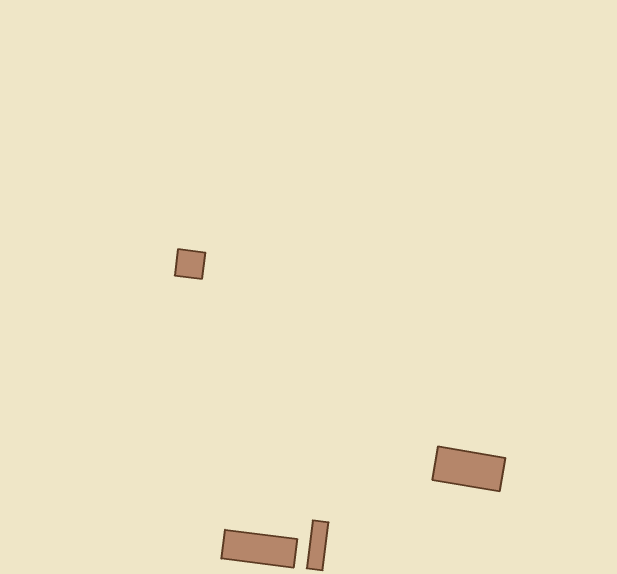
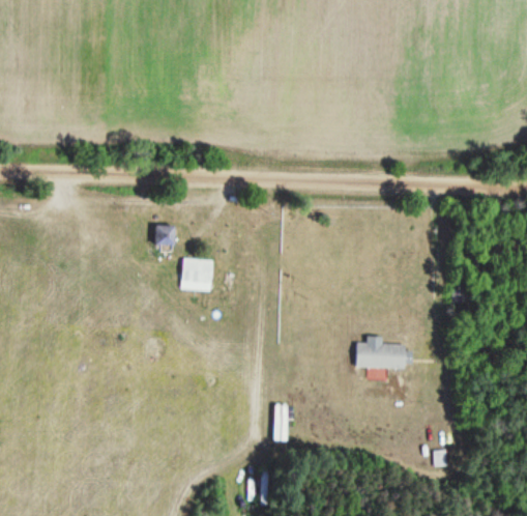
building: none -> [182,259,212,290]
building: [221,530,297,568] -> none

